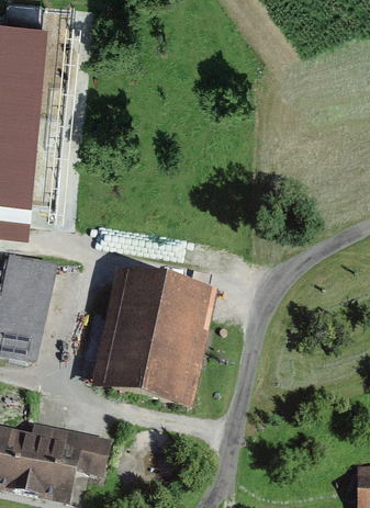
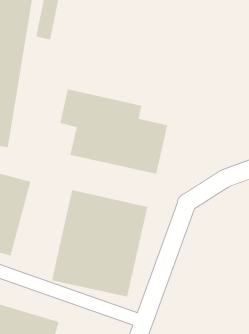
building: none -> [60,89,168,175]

